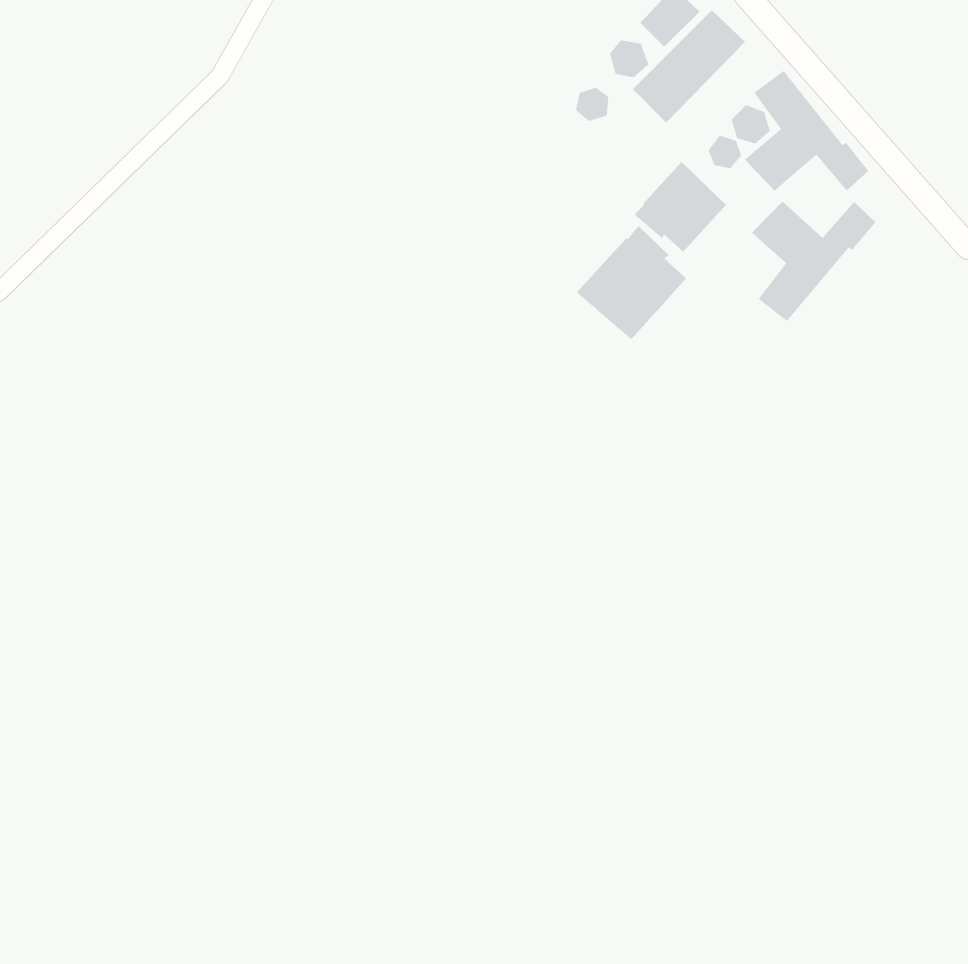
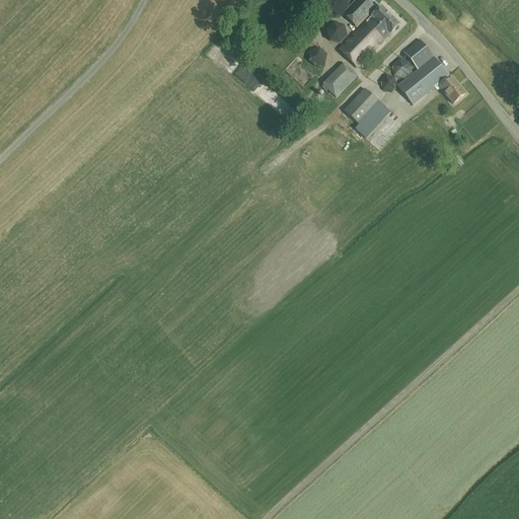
building: none -> [322,62,357,96]
building: [751,201,876,322] -> none
building: [576,225,687,340] -> none

